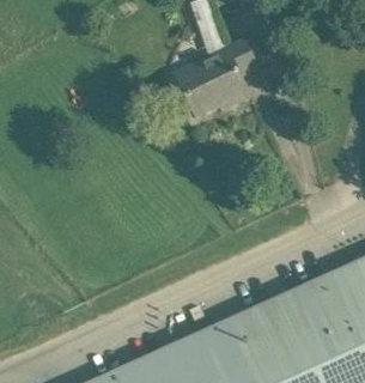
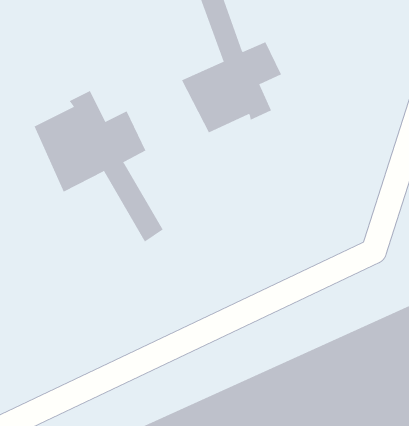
building: none -> [34,90,164,243]

